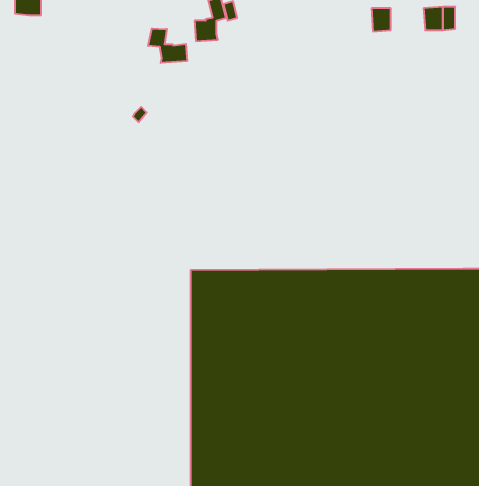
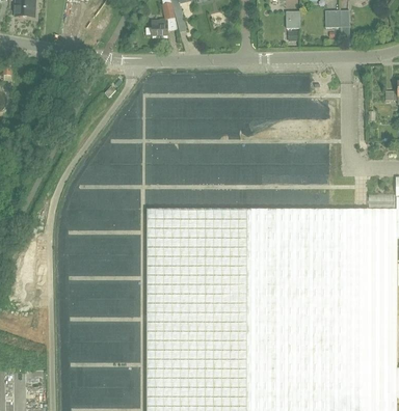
building: [148,28,187,63] -> none

